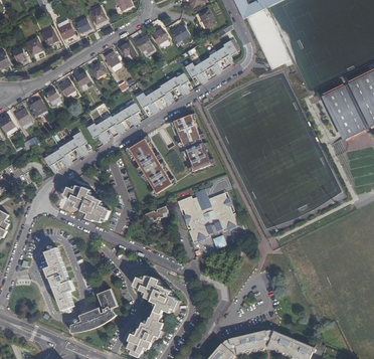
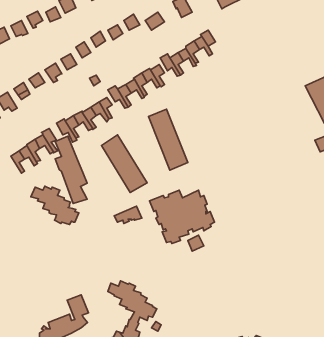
building: [44,246,74,310] -> [55,136,87,204]

